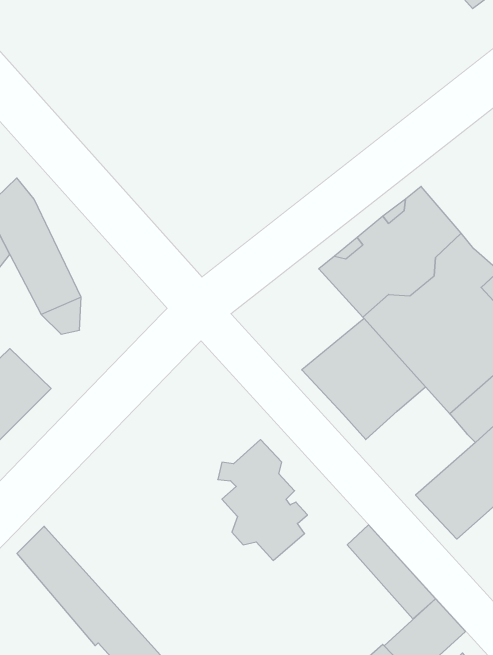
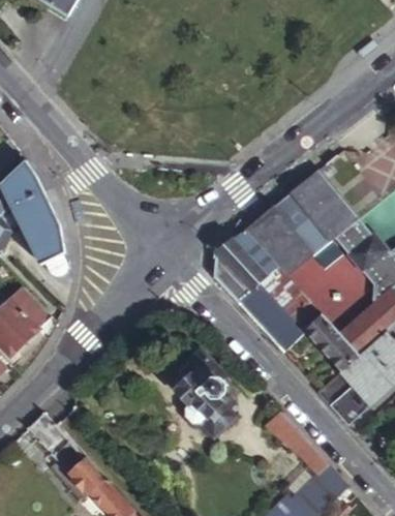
building: none -> [210,225,279,301]
building: none -> [303,313,360,371]

